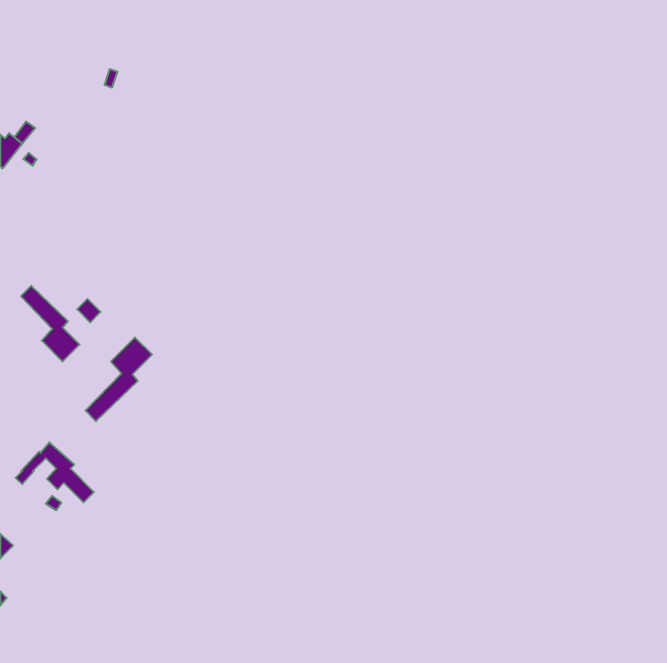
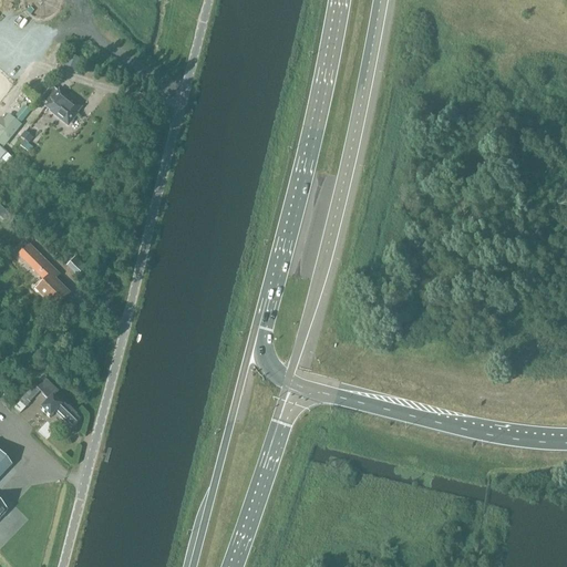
building: none -> [39,83,80,122]
building: [85,337,152,421] -> none

